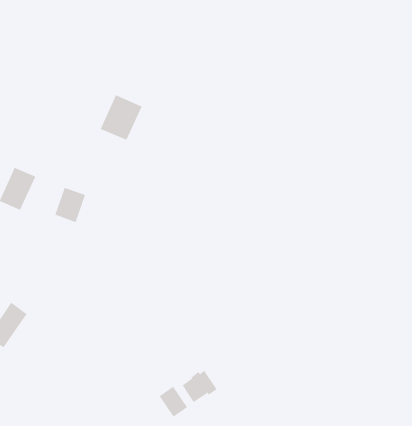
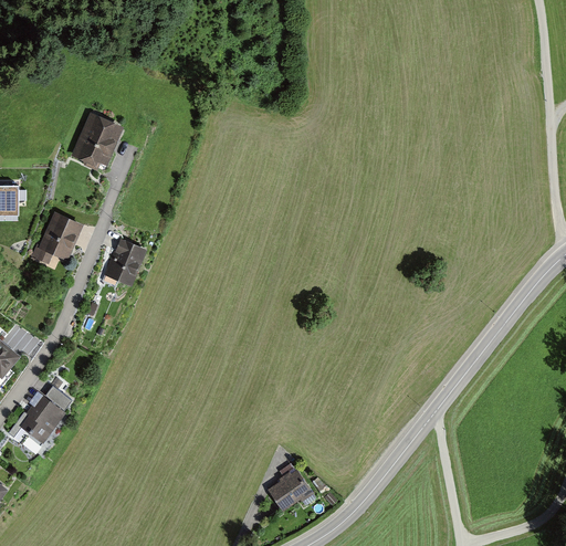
building: [100,94,143,141] -> [69,114,123,172]
building: [159,386,188,418] -> none

